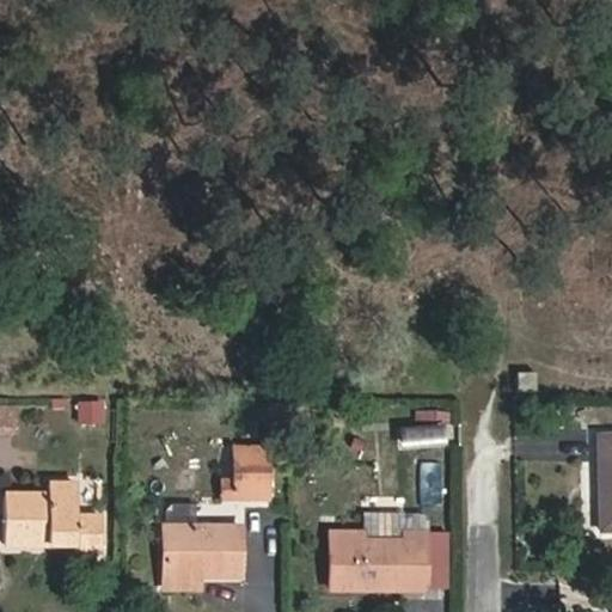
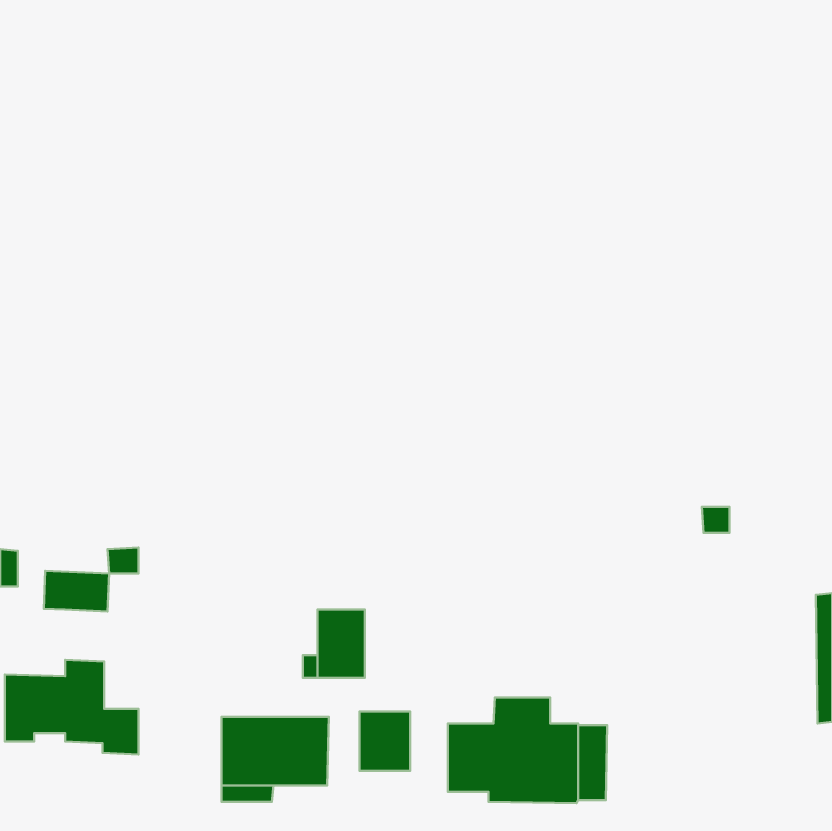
building: none -> [44,571,109,611]
building: none -> [359,711,410,771]

